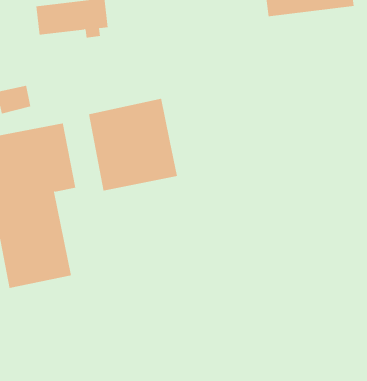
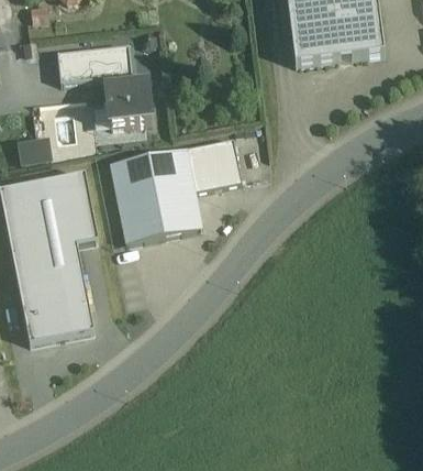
building: none -> [105,80,151,125]
building: none -> [186,138,242,190]

